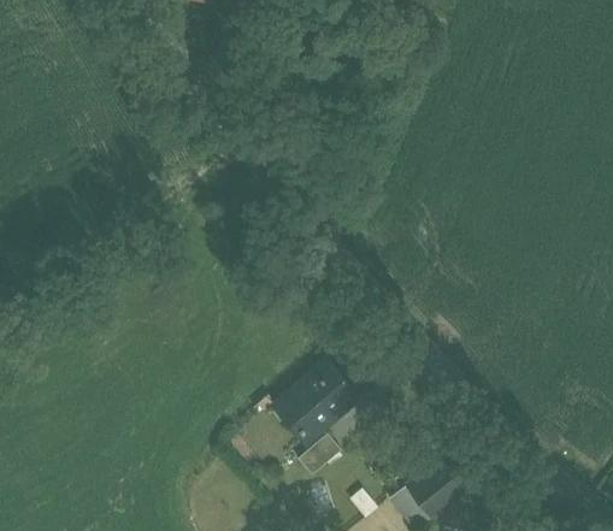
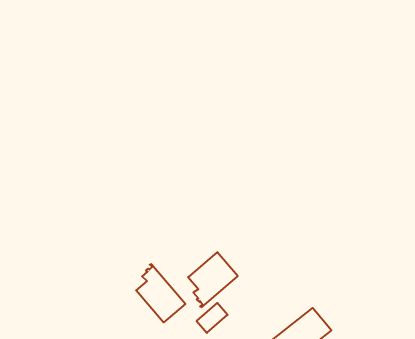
building: none -> [136,264,185,322]

